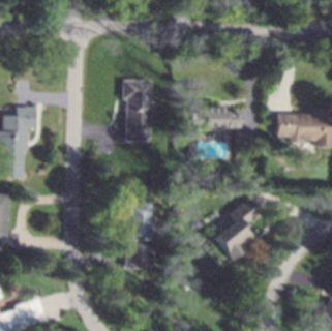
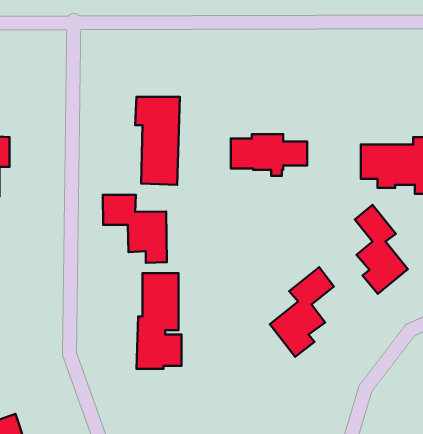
building: none -> [103,195,167,263]
building: none -> [355,205,408,294]

